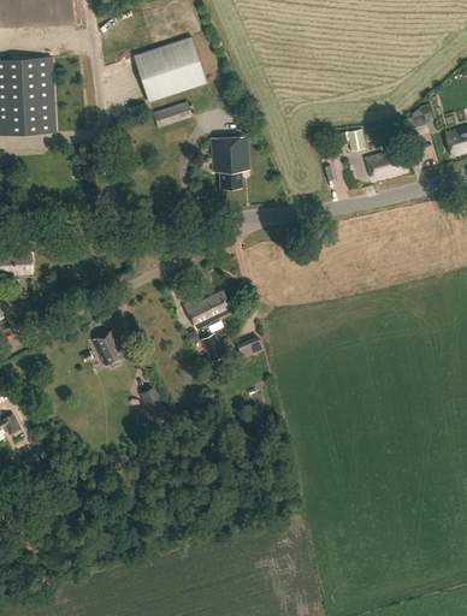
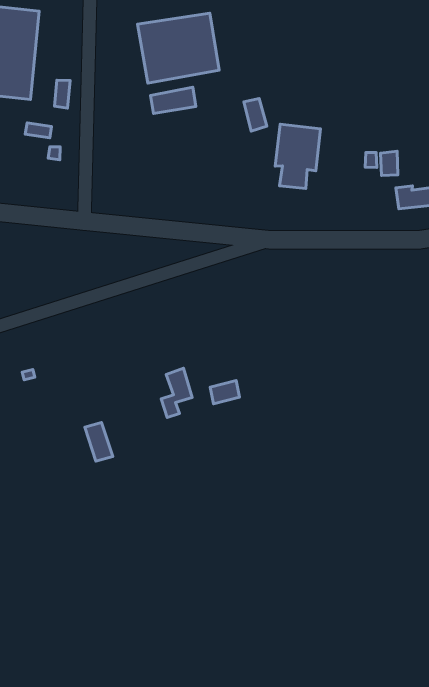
building: [213,135,248,186] -> [275,124,321,188]
building: [183,289,232,328] -> none
building: [91,330,126,366] -> none

